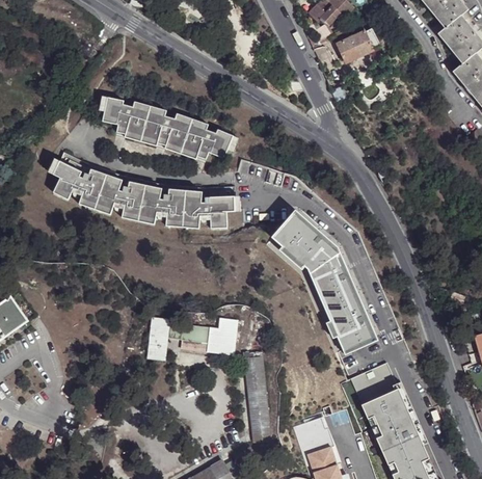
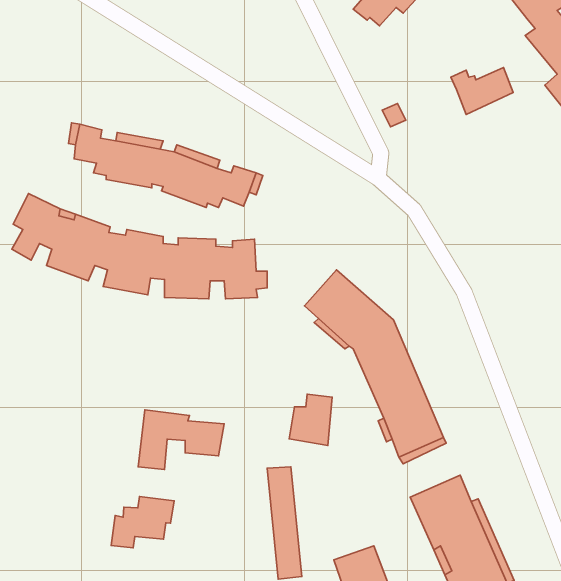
building: [332,27,379,62] -> [451,67,513,115]
building: [207,315,239,353] -> [289,394,332,446]
building: none -> [111,496,174,548]

